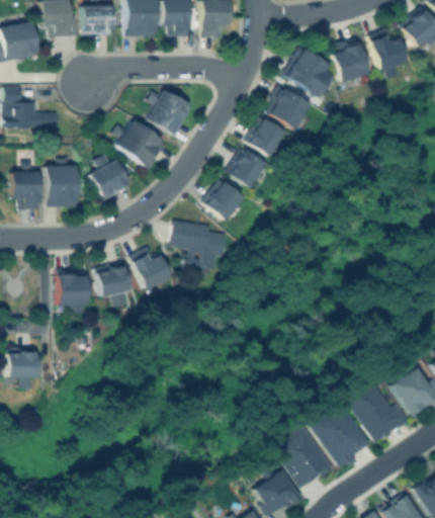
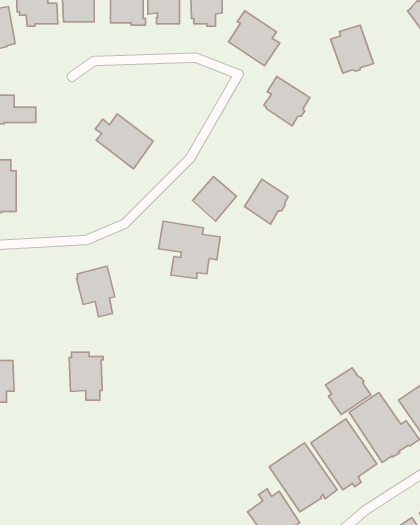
building: [371,28,408,80] -> none
building: [285,48,333,98] -> [228,11,280,66]
building: [146,91,193,138] -> none
building: [247,117,286,159] -> none
building: [226,149,266,190] -> [244,179,288,224]
building: [89,155,130,201] -> none
building: [47,160,80,208] -> none
building: [133,247,172,288] -> none
building: [58,268,89,313] -> [69,352,103,400]
building: none -> [326,368,371,415]

